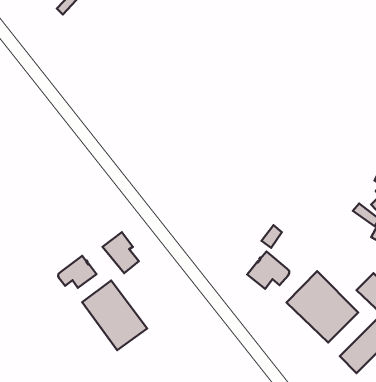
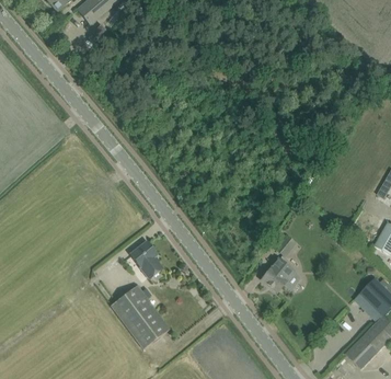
building: [58,256,96,288] -> none
building: [287,271,358,342] -> none

